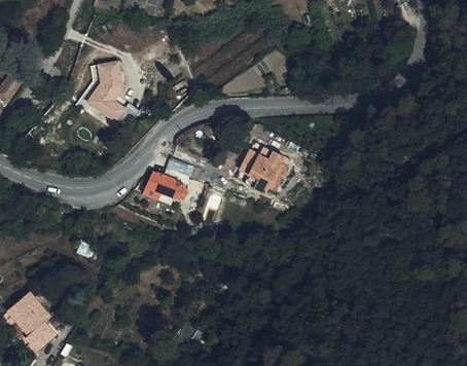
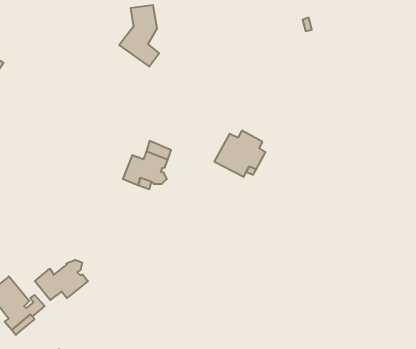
building: [84,60,124,121] -> [119,5,159,67]
building: none -> [35,260,88,300]

